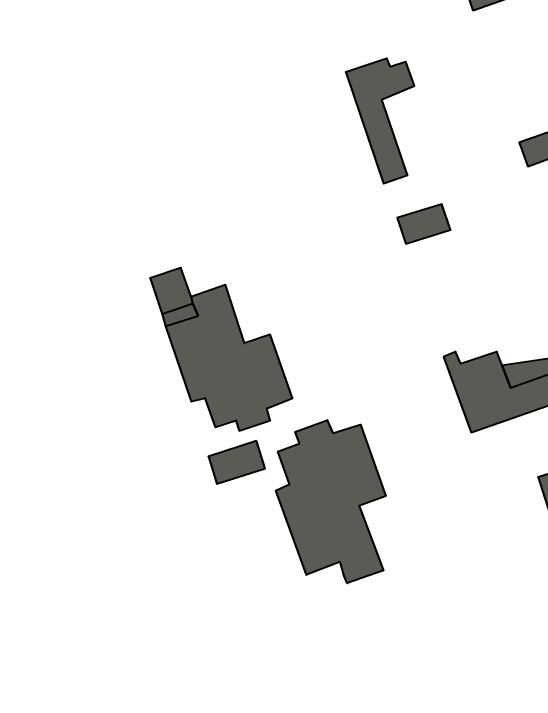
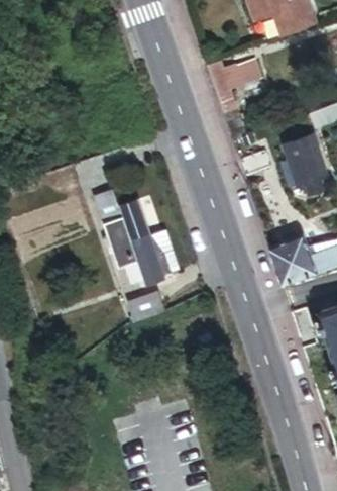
building: none -> [285,137,319,198]
building: [276,420,386,583] -> none

